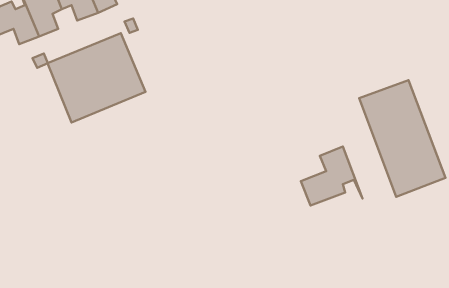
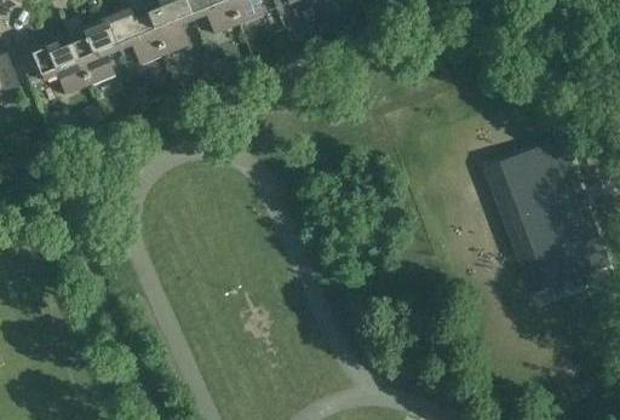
building: [47,33,146,122] -> none
building: [301,146,362,205] -> none

